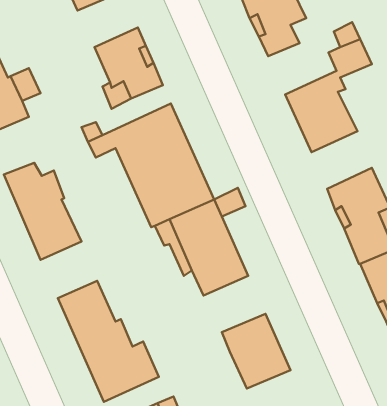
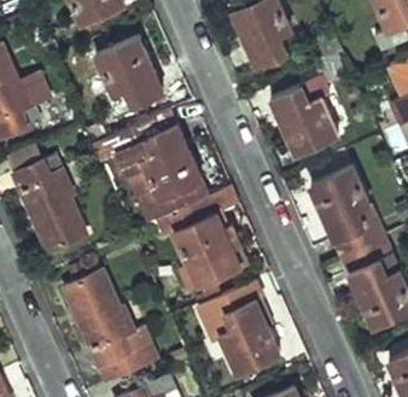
building: none -> [194,281,262,343]

